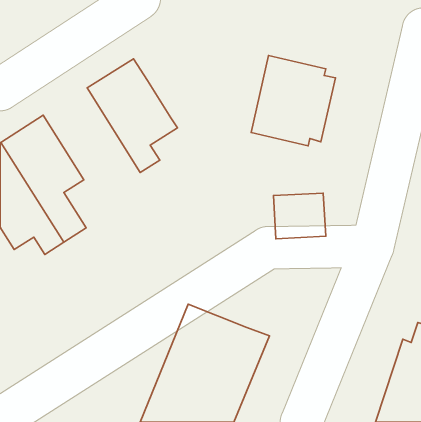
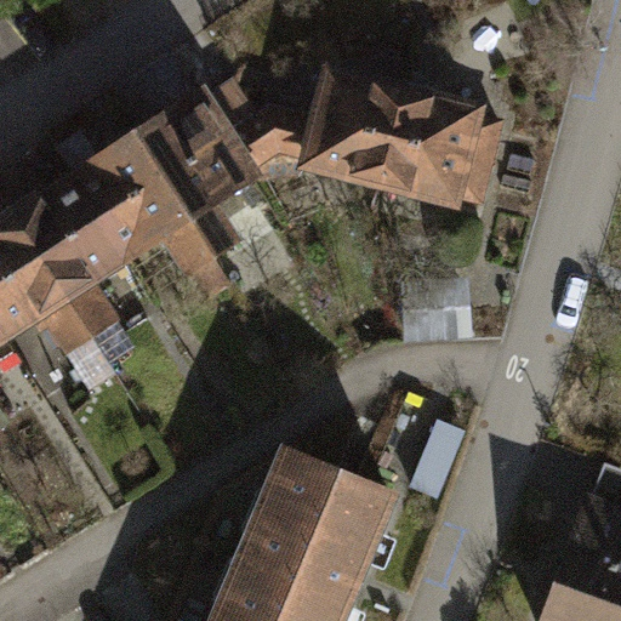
building: none -> [220,63,397,194]
building: none -> [67,129,222,291]

